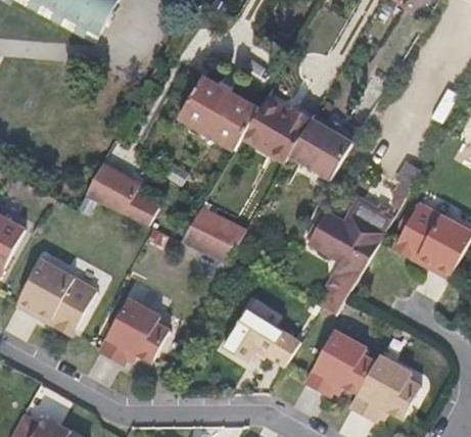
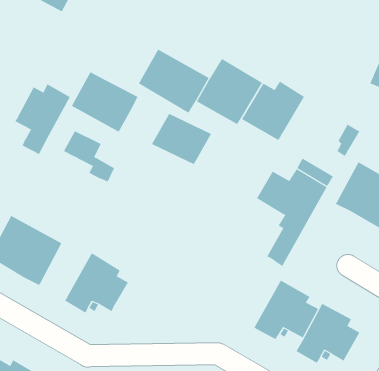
building: none -> [71,71,138,133]
building: none -> [14,84,71,155]
building: [180,207,246,263] -> [151,113,212,165]
building: [224,307,301,367] -> none

